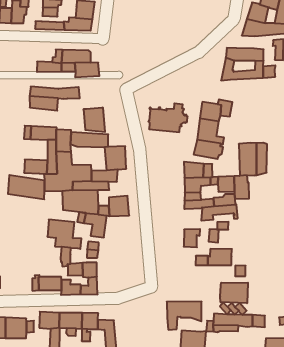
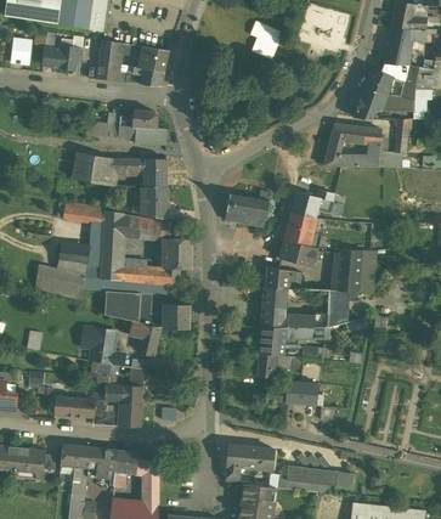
building: none -> [138,158,166,187]
building: none -> [259,327,284,355]
building: [220,283,248,303] -> none

